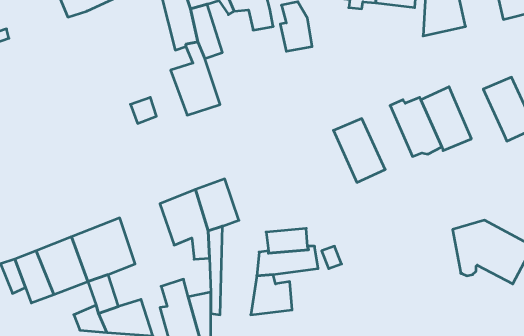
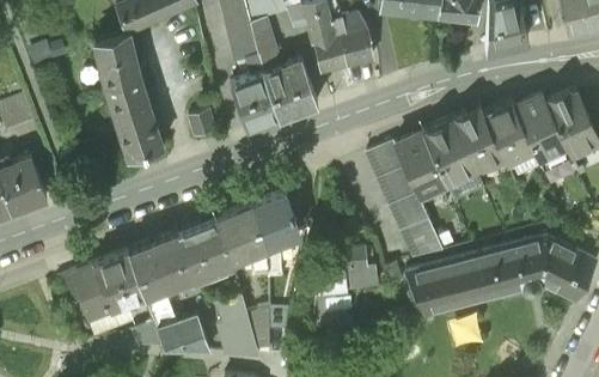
building: none -> [313,18,347,71]
building: none -> [96,31,164,156]
building: none -> [264,59,318,118]
building: none -> [515,96,567,160]
building: none -> [423,120,475,184]
building: none -> [367,140,444,257]
building: none -> [178,219,234,280]
building: none -> [405,245,524,315]

